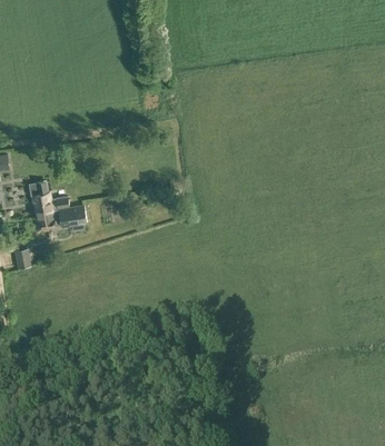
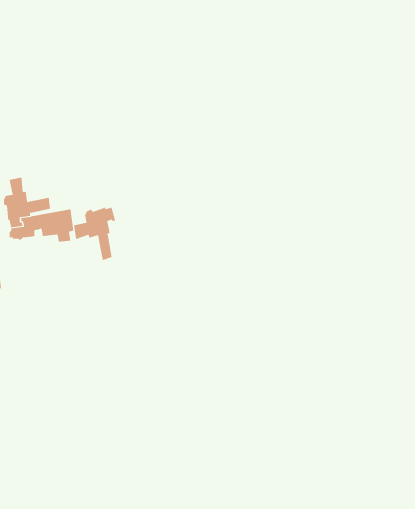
building: none -> [73,207,116,261]

